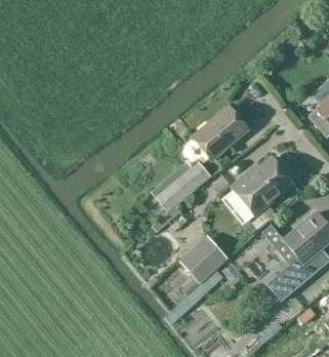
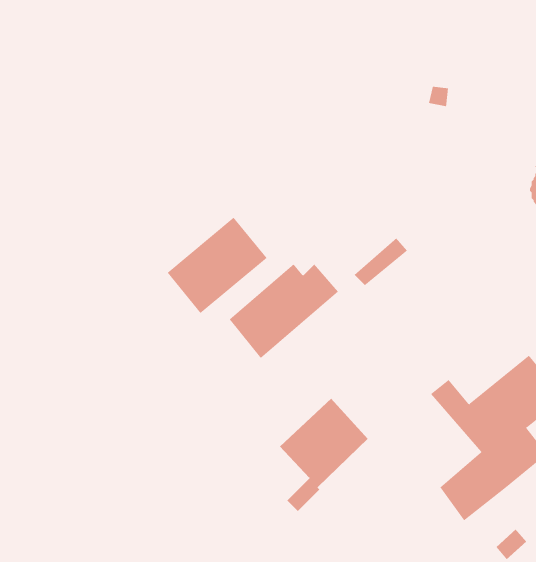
building: [193,106,248,159] -> [167,217,267,314]
building: [232,157,293,214] -> none

